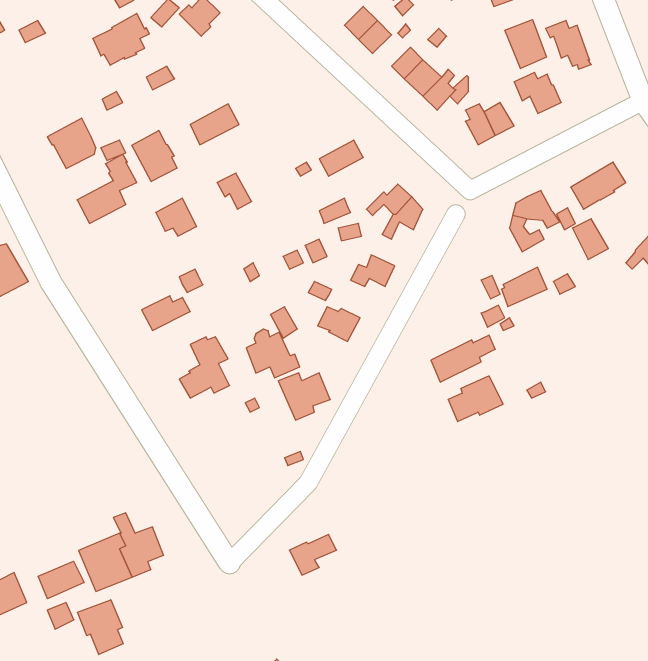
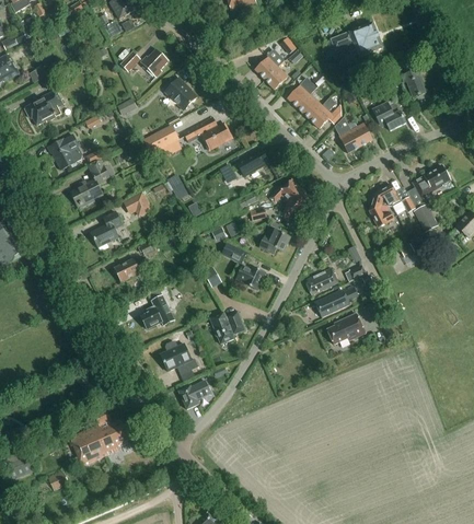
building: [93,13,149,65] -> [25,90,65,126]
building: [505,20,547,69] -> none
building: none -> [164,78,198,110]
building: none -> [184,118,233,151]
building: [132,130,177,182] -> none
building: none -> [91,211,123,251]
building: [501,267,547,307] -> [307,268,338,295]
building: [246,329,300,378] -> [161,341,198,375]
building: [289,534,337,575] -> [178,381,211,409]
building: [38,561,84,599] -> none
building: [78,600,123,655] -> none

